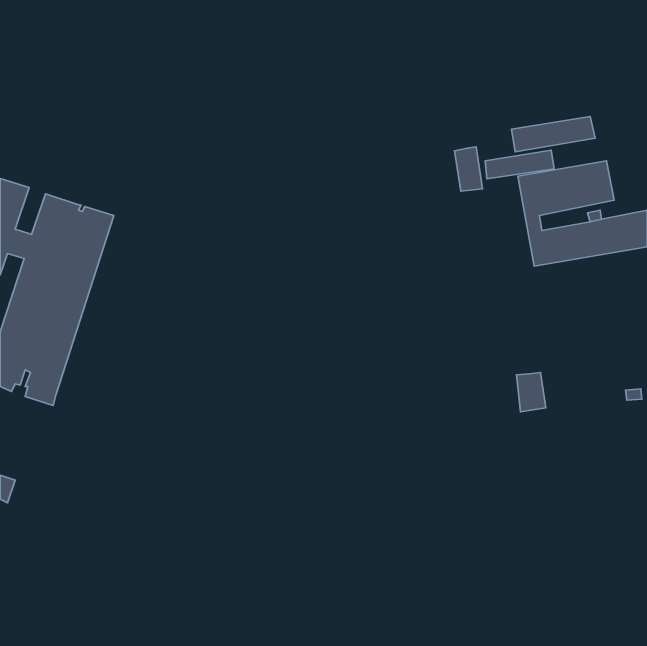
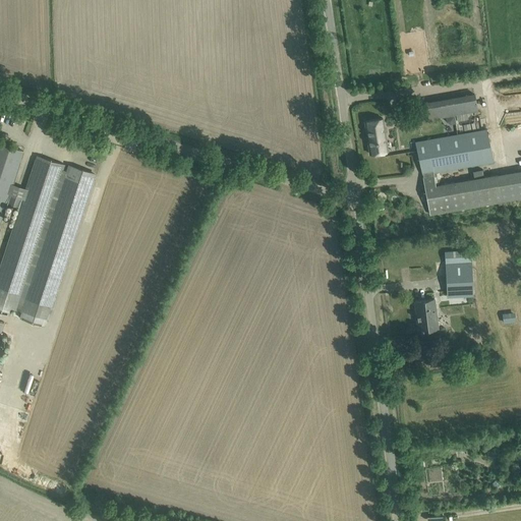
building: [485,150,554,179] -> none
building: none -> [444,251,472,305]

